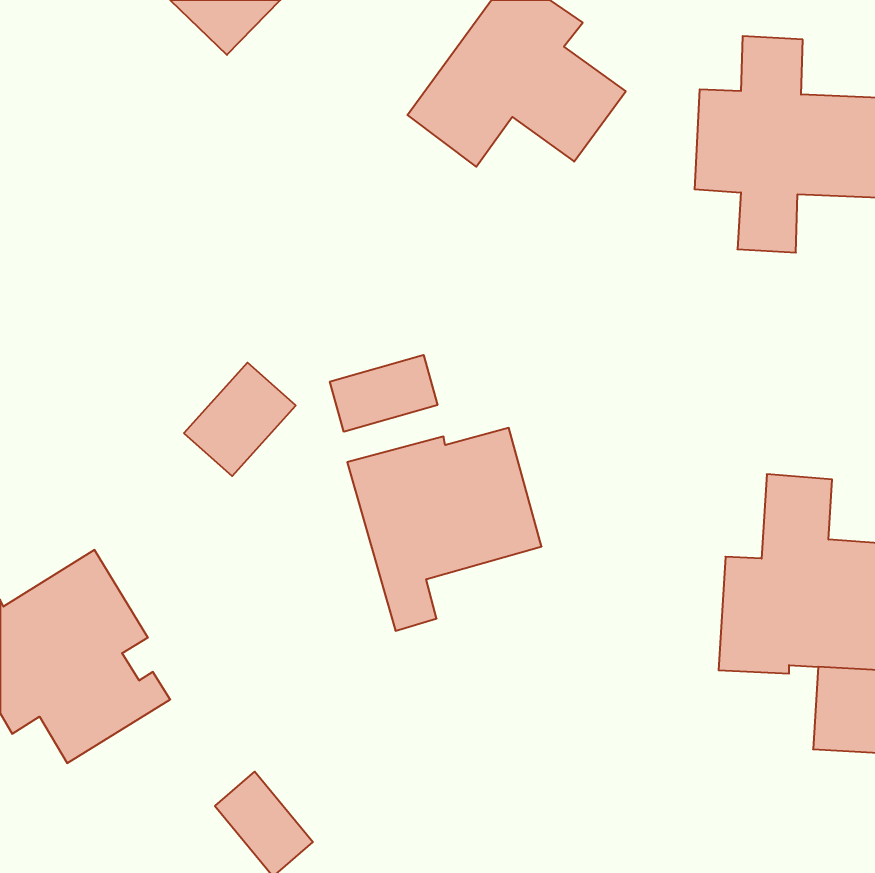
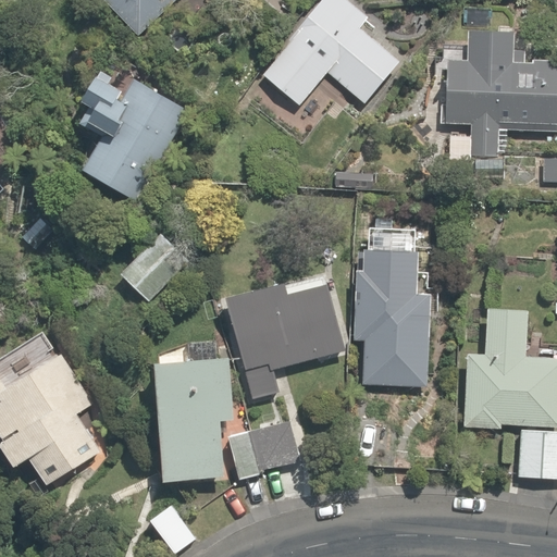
building: none -> [83,72,169,199]
building: [330,355,437,432] -> none
building: none -> [357,248,435,385]
building: none -> [153,357,230,480]
building: none -> [224,417,308,482]

